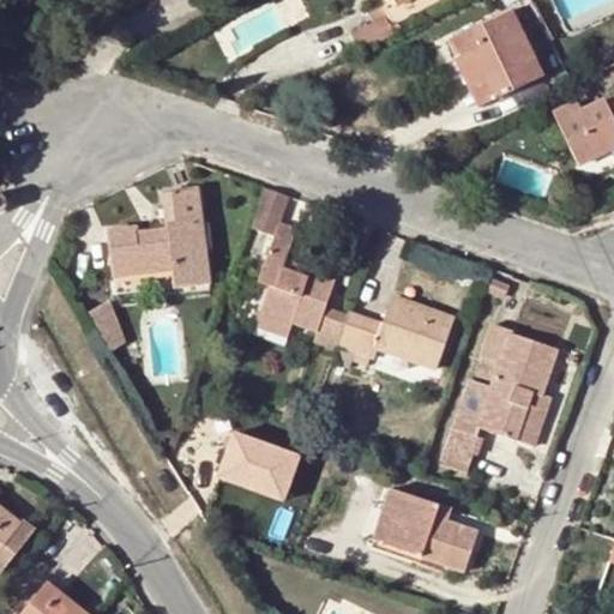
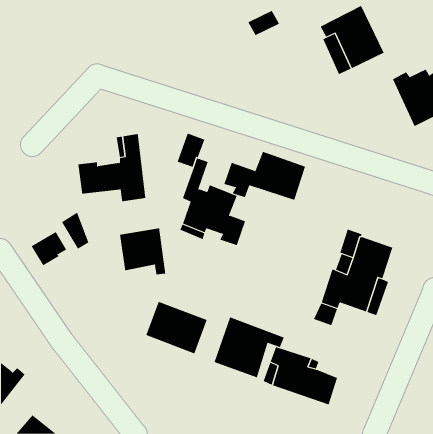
building: [338,296,455,366] -> [223,151,306,200]
building: none -> [119,228,166,275]
building: none -> [31,231,67,266]
building: none -> [214,316,284,378]

